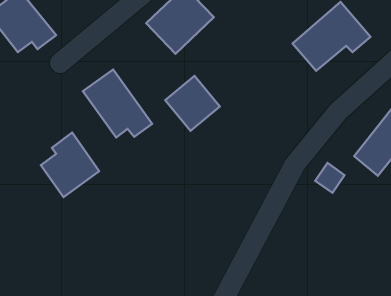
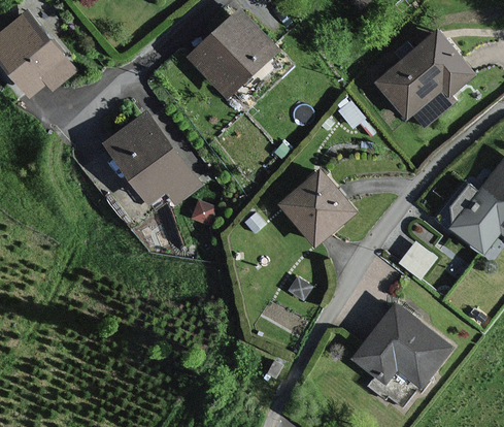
building: [165,76,220,131] -> [280,175,349,245]
building: [41,133,99,197] -> none
building: none -> [354,307,448,387]

